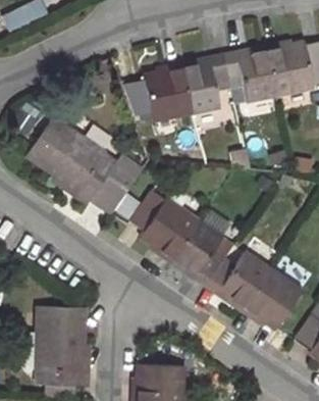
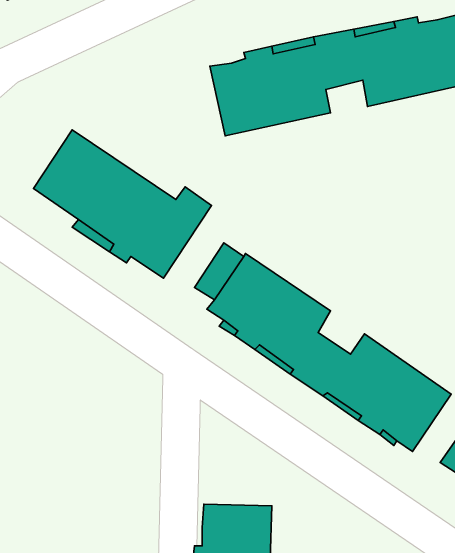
building: [36,305,89,386] -> none

